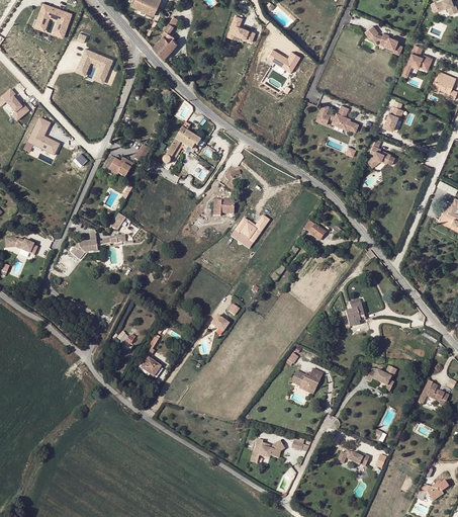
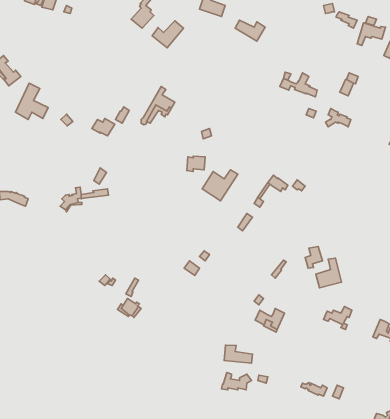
building: [75,47,113,82] -> none
building: none -> [152,21,184,48]
building: none -> [316,258,341,288]
building: none -> [224,345,253,363]

